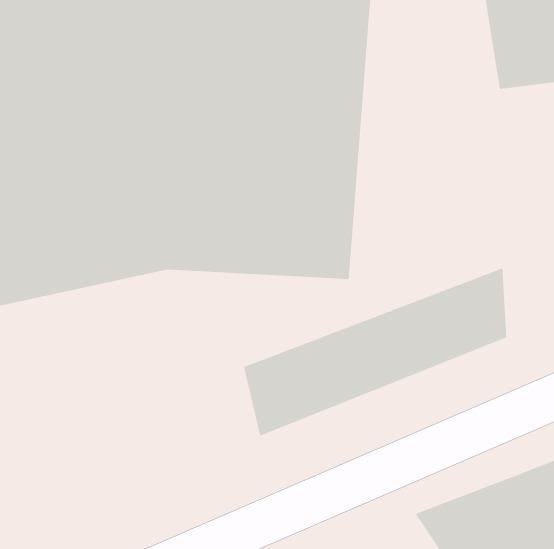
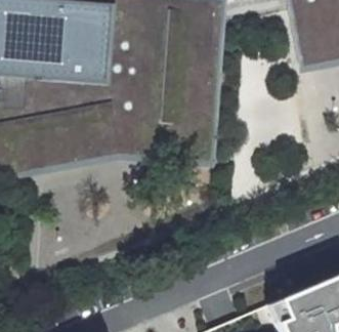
building: [244,267,507,436] -> none

